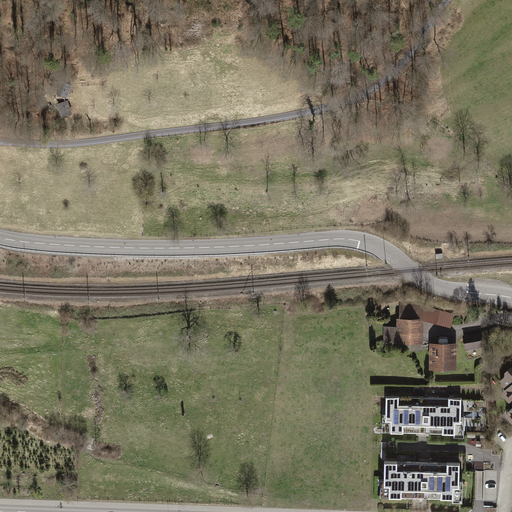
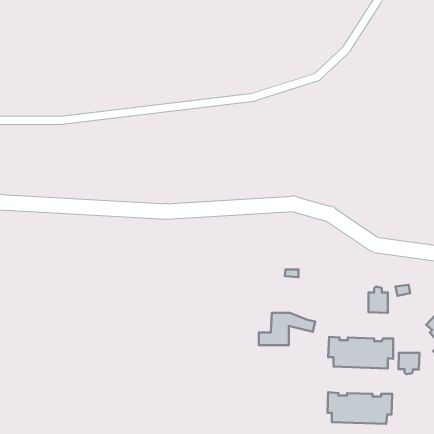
building: [387,305,453,343] -> [259,313,315,345]
building: none -> [398,353,419,374]

